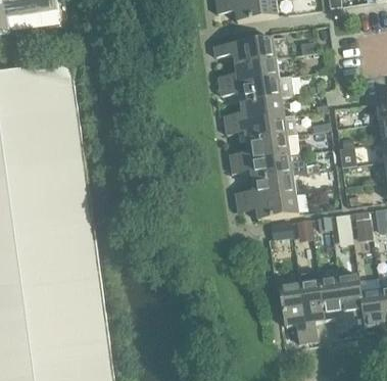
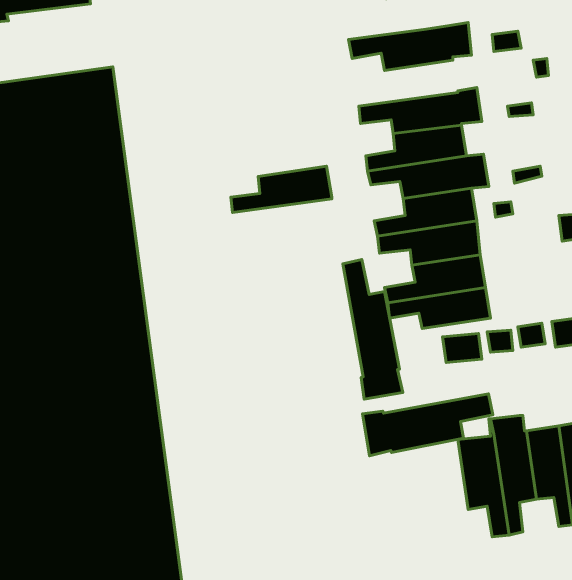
building: [217,57,278,85] -> [231,166,332,212]
building: none -> [343,260,403,399]
building: none -> [363,394,493,456]

